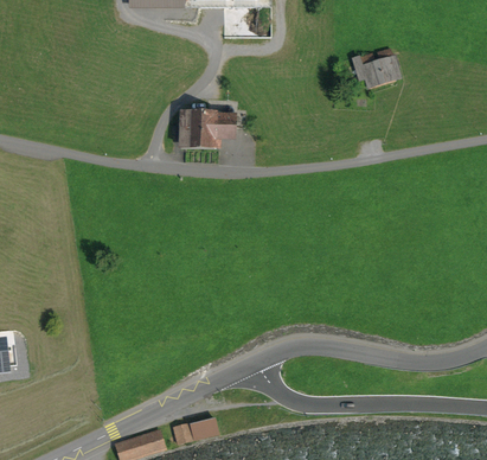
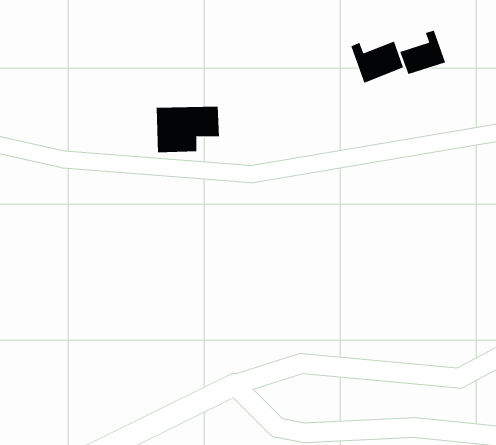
building: none -> [400,30,446,75]

